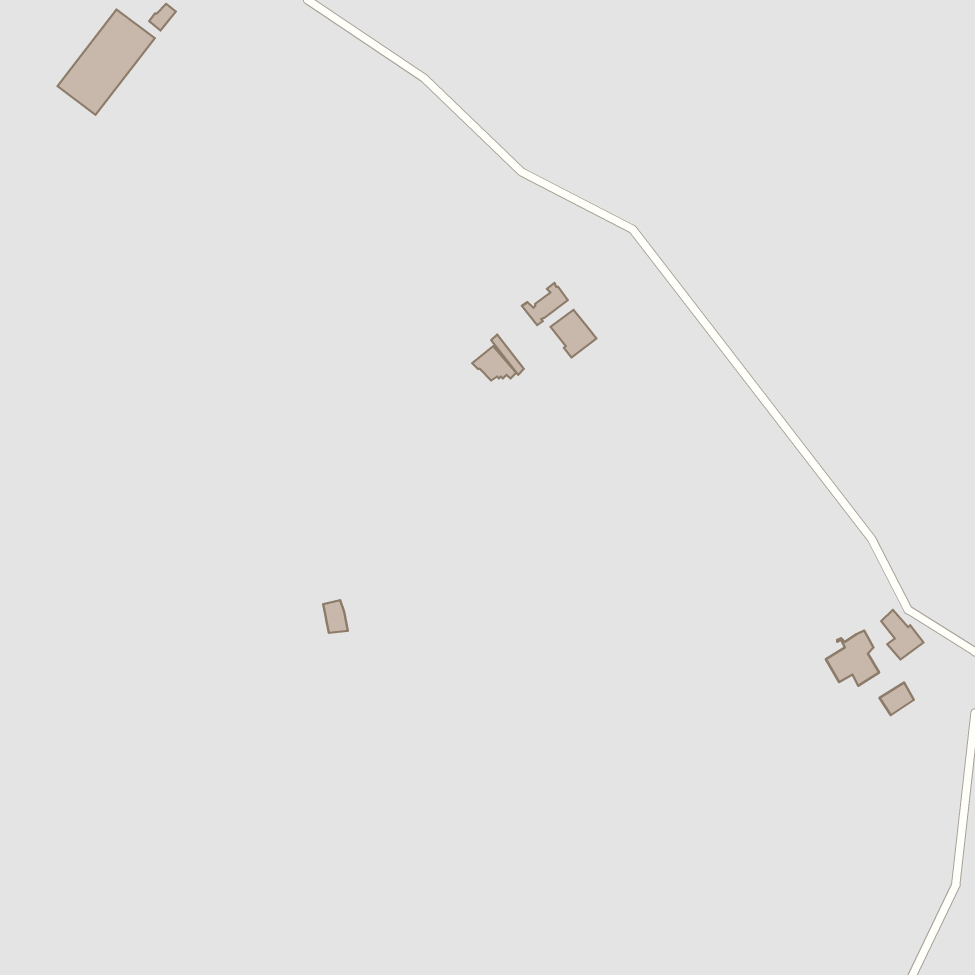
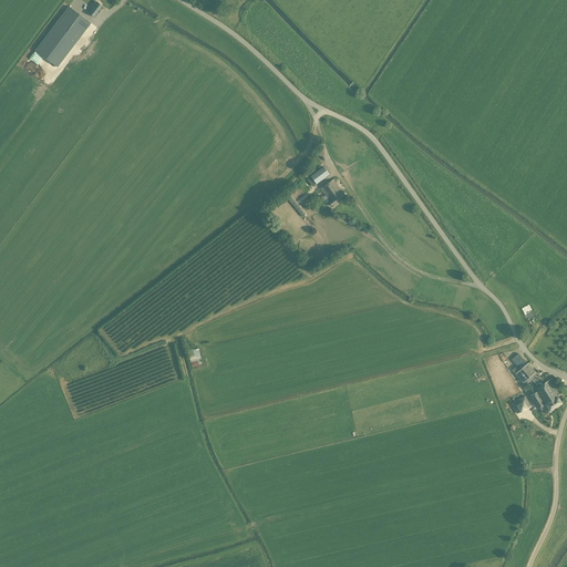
building: [826,630,879,686] -> [529,380,560,412]

